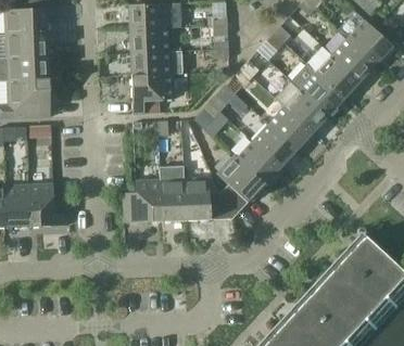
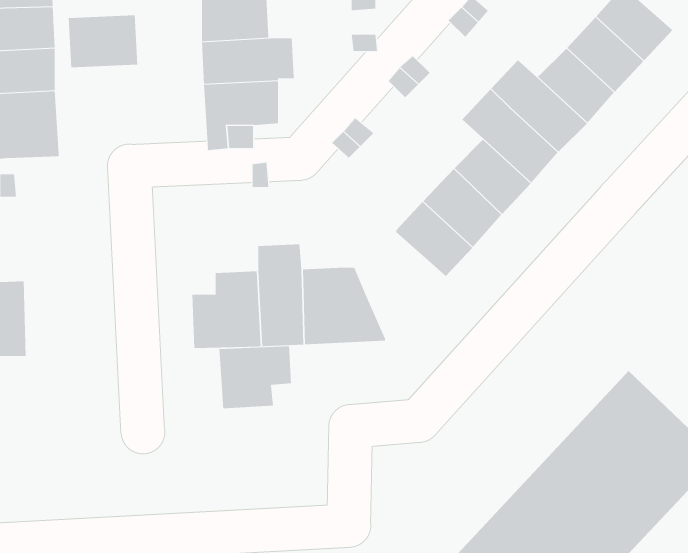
building: none -> [68,14,138,68]
building: [218,154,266,217] -> none
building: [30,183,68,227] -> none
building: none -> [219,346,291,409]

